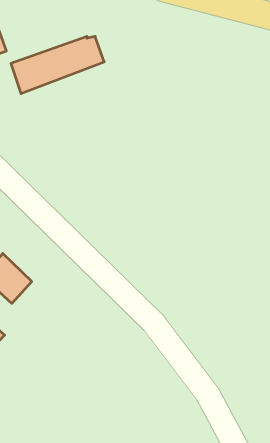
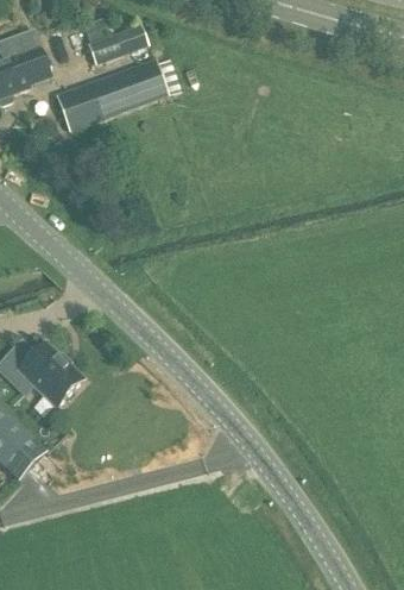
building: none -> [87,27,146,65]

